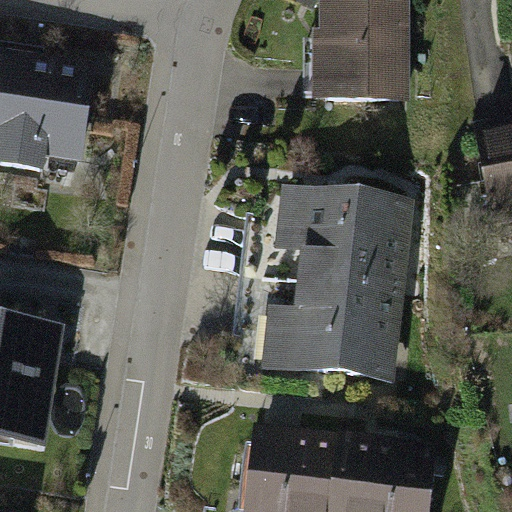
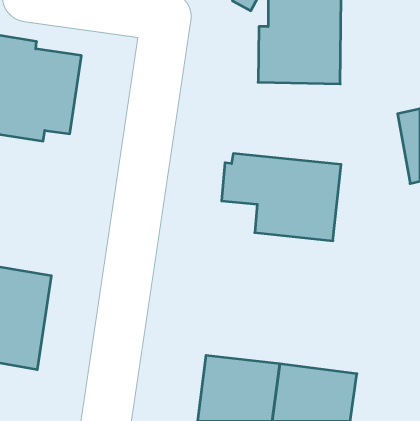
building: [250,280,401,381] -> none

